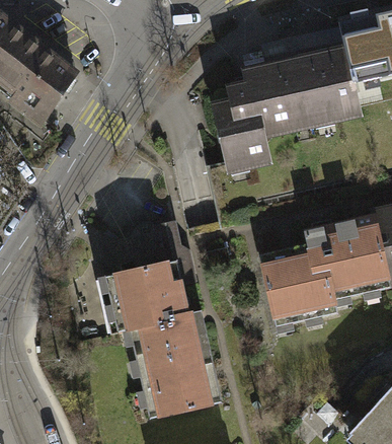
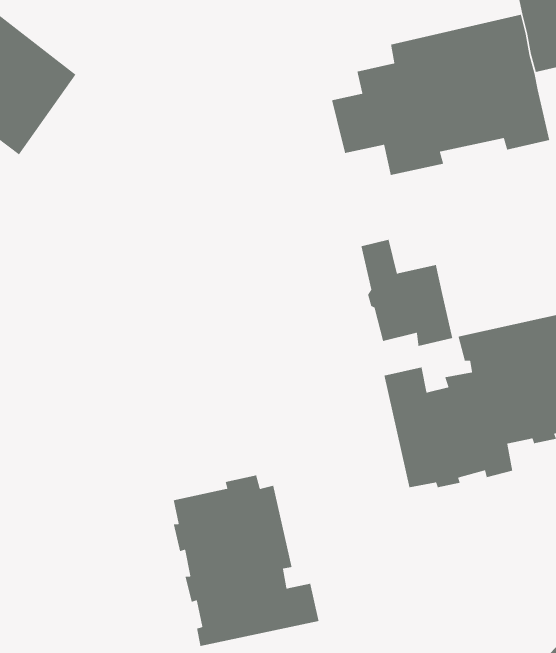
building: [215,102,270,167] -> [361,239,453,347]
building: [101,222,197,335] -> none

